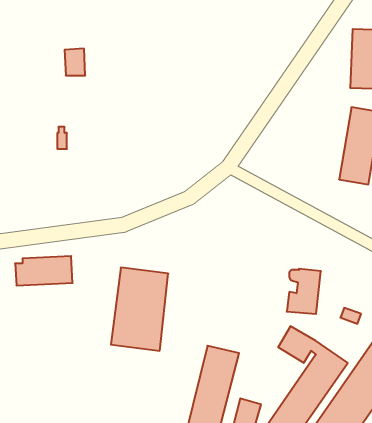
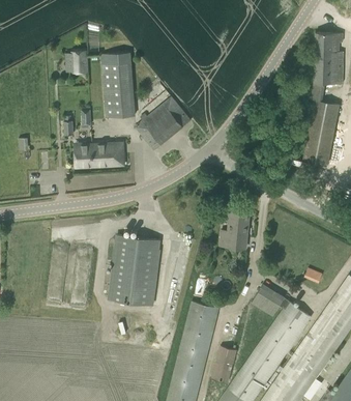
building: none -> [100,53,136,118]
building: none -> [141,97,189,150]
building: [15,256,73,285] -> [75,143,123,168]
building: [287,269,321,314] -> [220,210,248,249]

